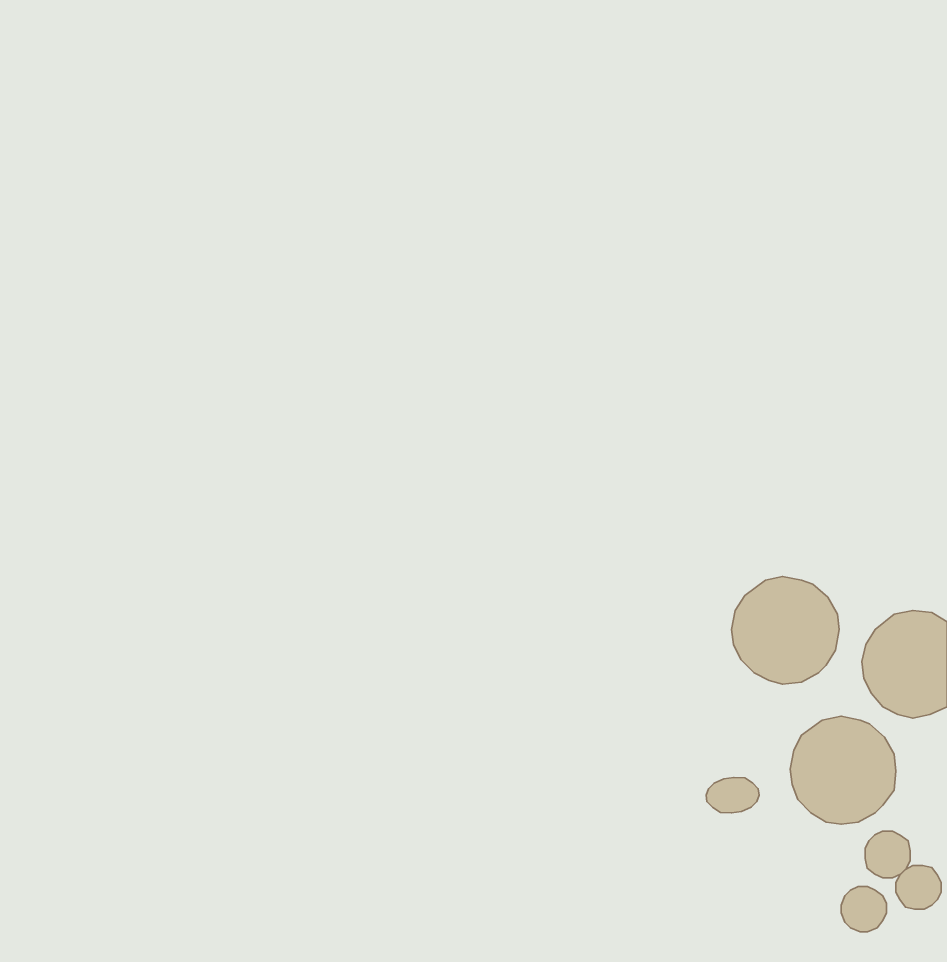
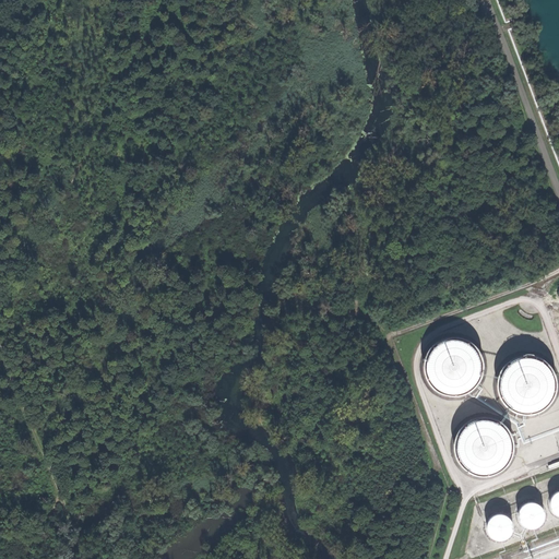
building: [706,778,759,813] -> none
building: [865,831,910,878] -> none

